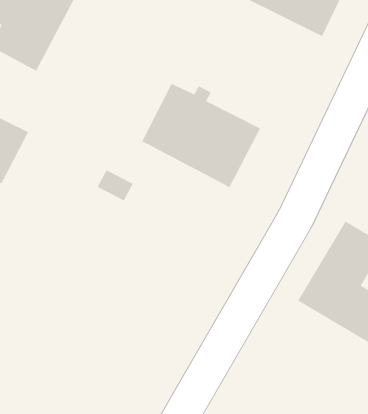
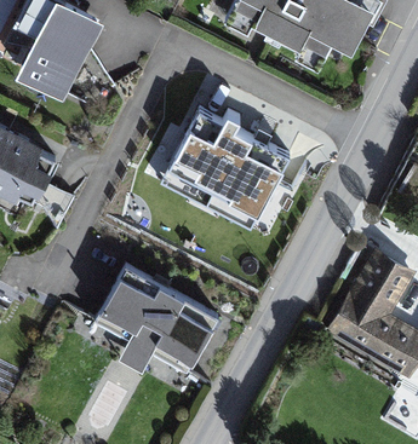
building: none -> [97,271,216,373]

